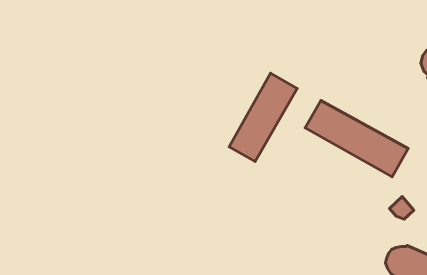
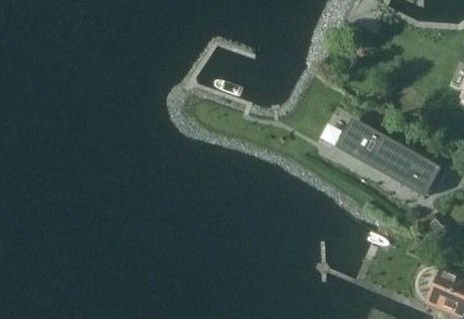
building: [229,73,297,161] -> none

